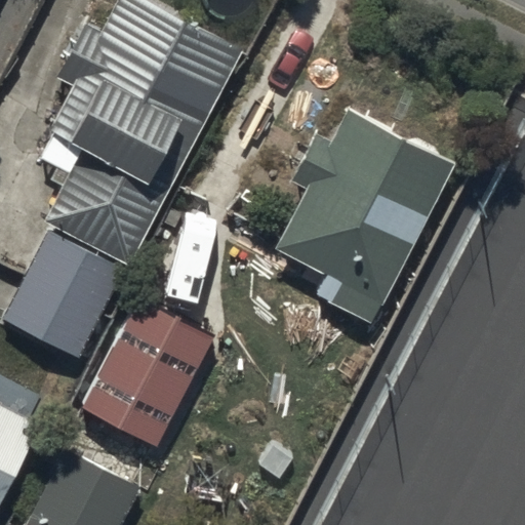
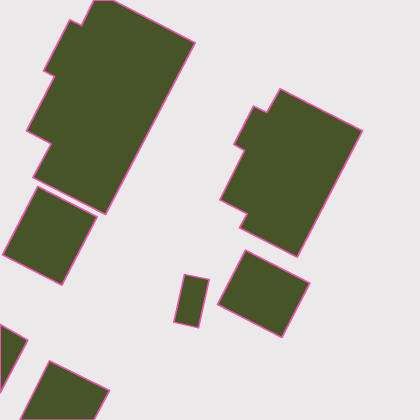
building: [83,297,215,447] -> none
building: none -> [218,250,310,337]

